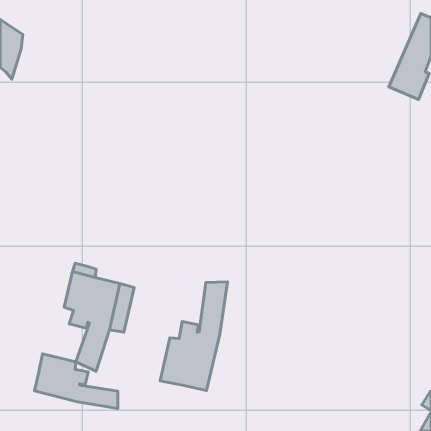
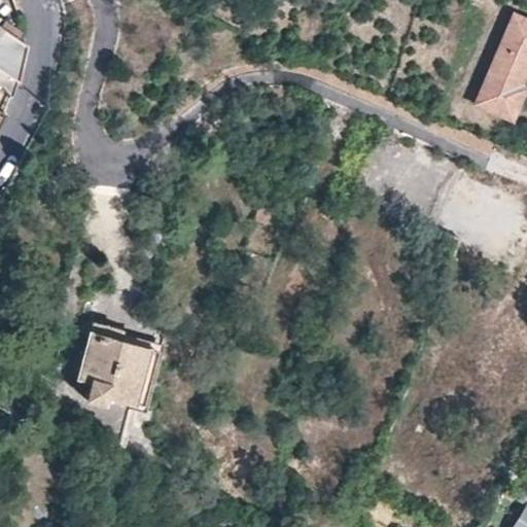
building: [160,282,228,390] -> none
building: [34,354,118,408] -> none

